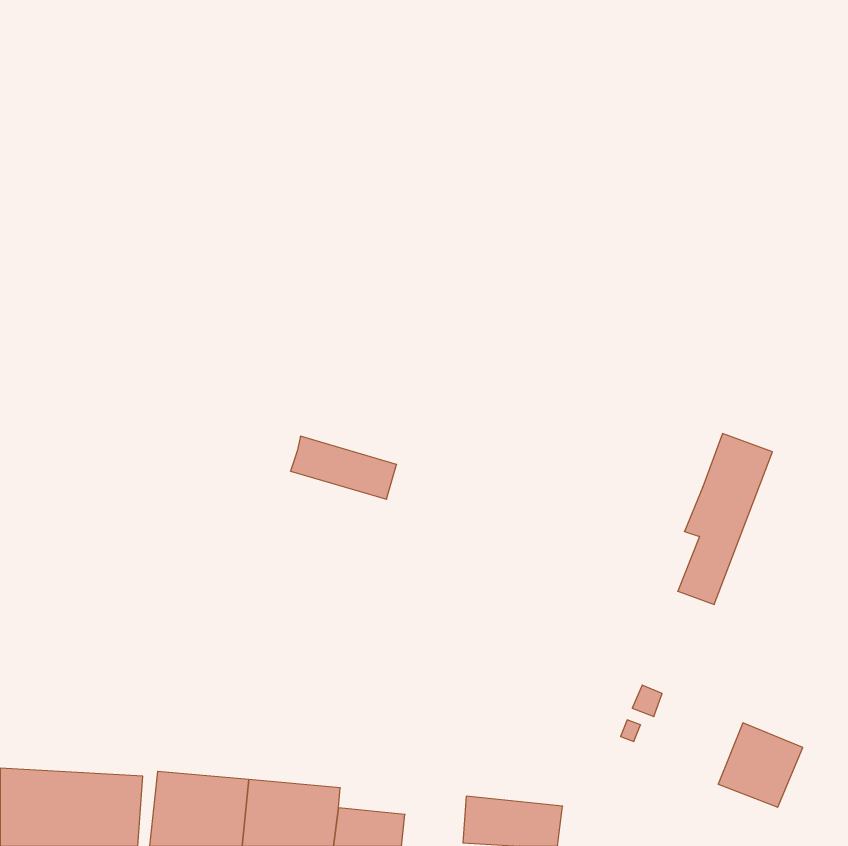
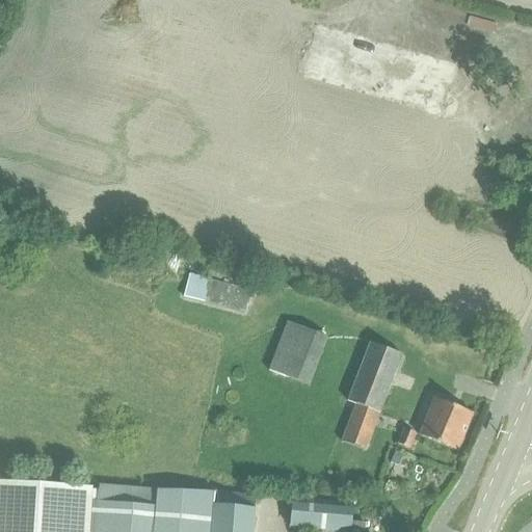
building: [678,434,772,604] -> [342,343,401,450]
building: none -> [271,314,330,379]
building: [718,723,803,807] -> [420,398,473,451]

